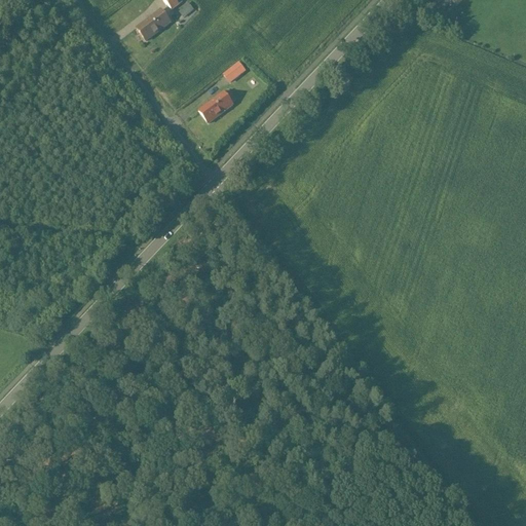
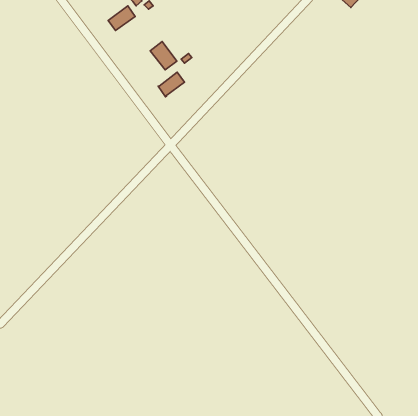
building: none -> [150,41,177,70]

